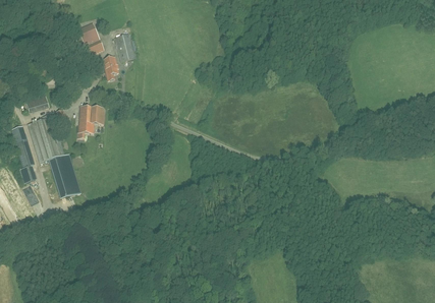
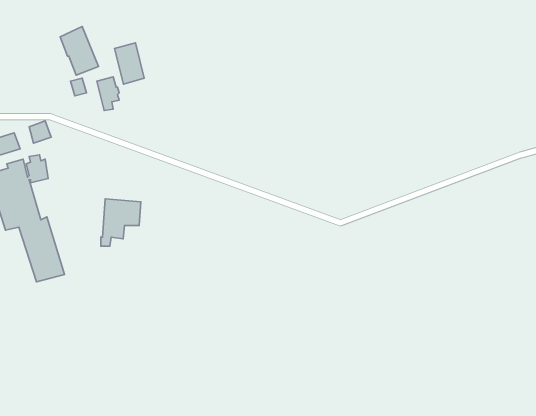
building: [76,105,104,137] -> [101,199,141,246]

